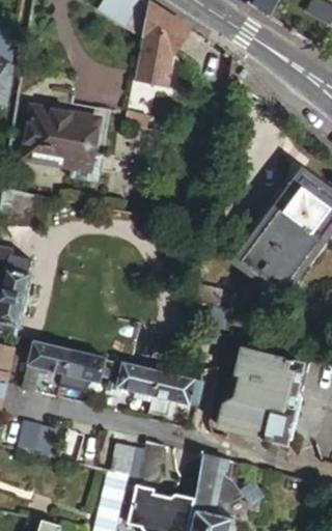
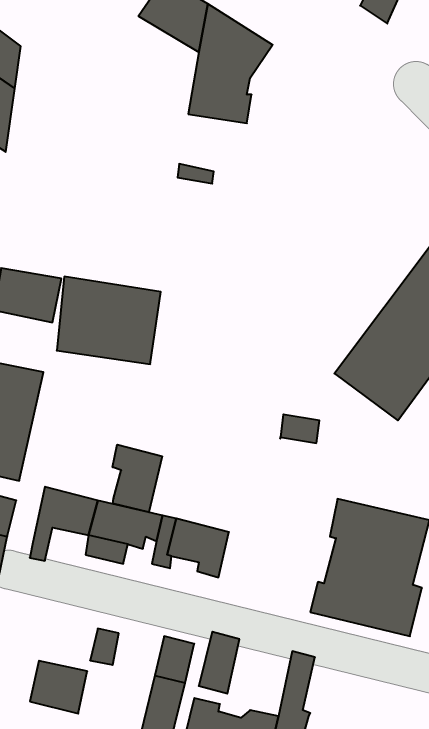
building: [24,108,95,168] -> [57,277,161,364]
building: none -> [113,445,162,512]
building: [150,370,203,412] -> none
building: [18,419,57,455] -> [30,661,87,714]
building: [210,456,241,500] -> none

